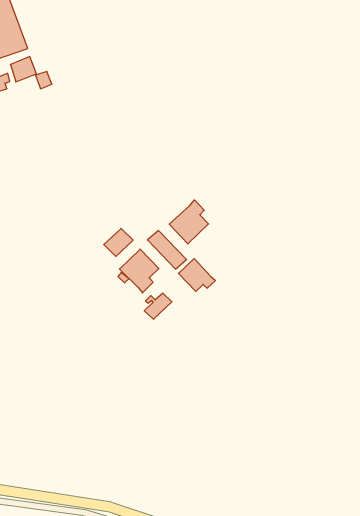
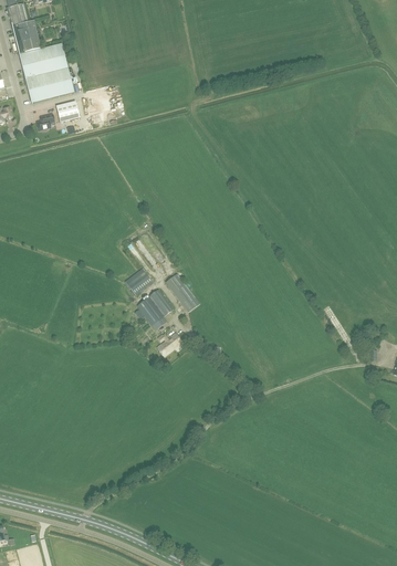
building: [169,200,209,244] -> none
building: [178,259,215,291] -> none

